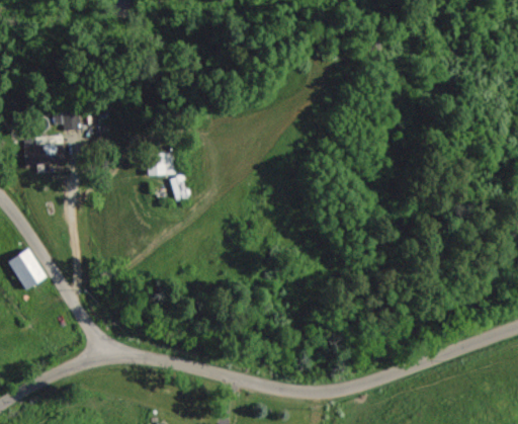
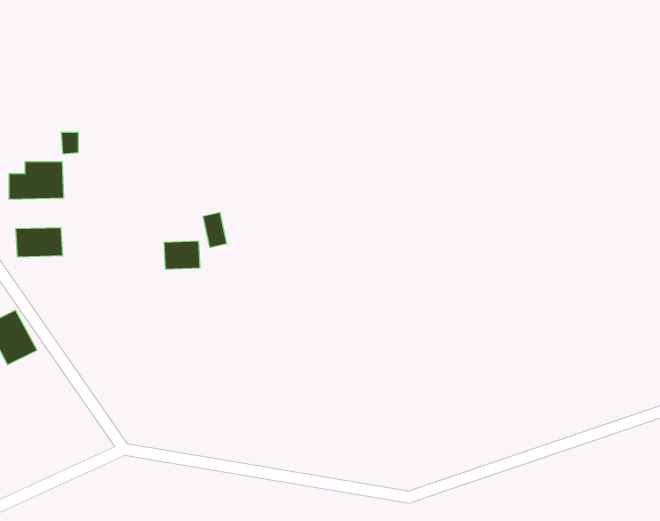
building: [148,154,175,175] -> [164,241,200,269]
building: none -> [16,227,62,257]

